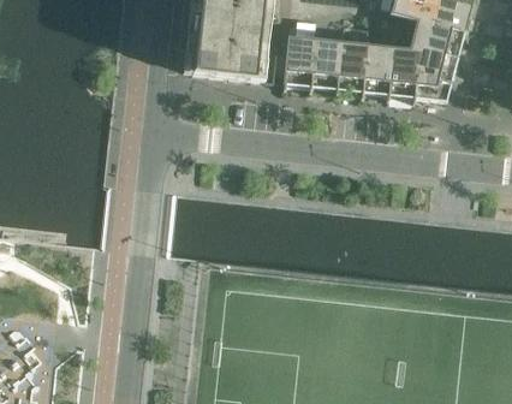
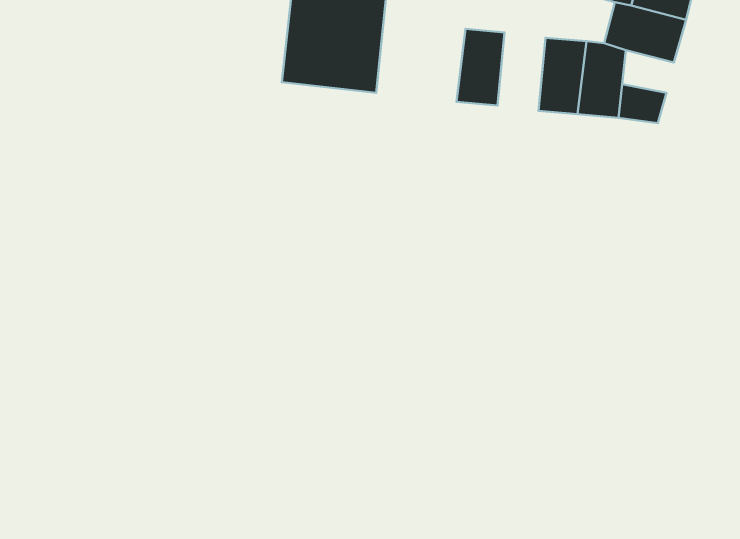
building: [284,31,316,83] -> none
building: [338,36,370,89] -> none
building: [422,48,457,77] -> none

